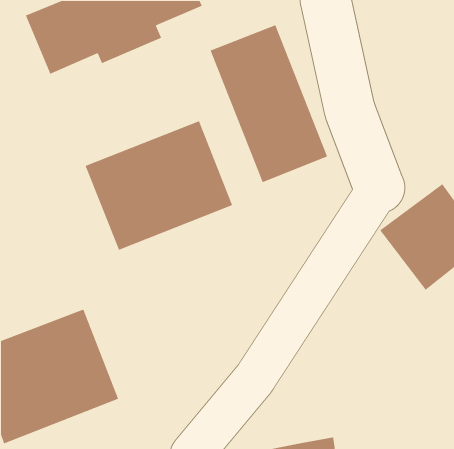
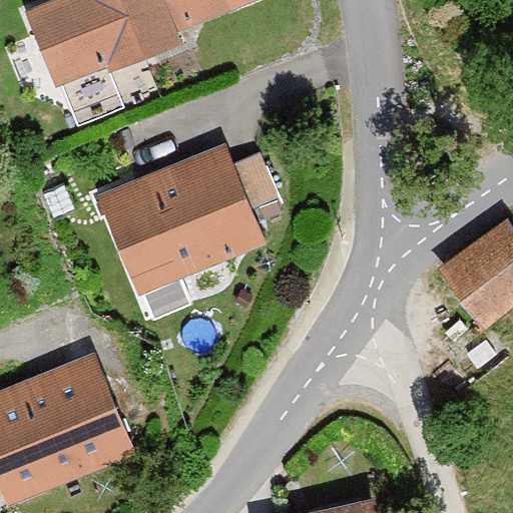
building: [210,24,328,183] -> none

